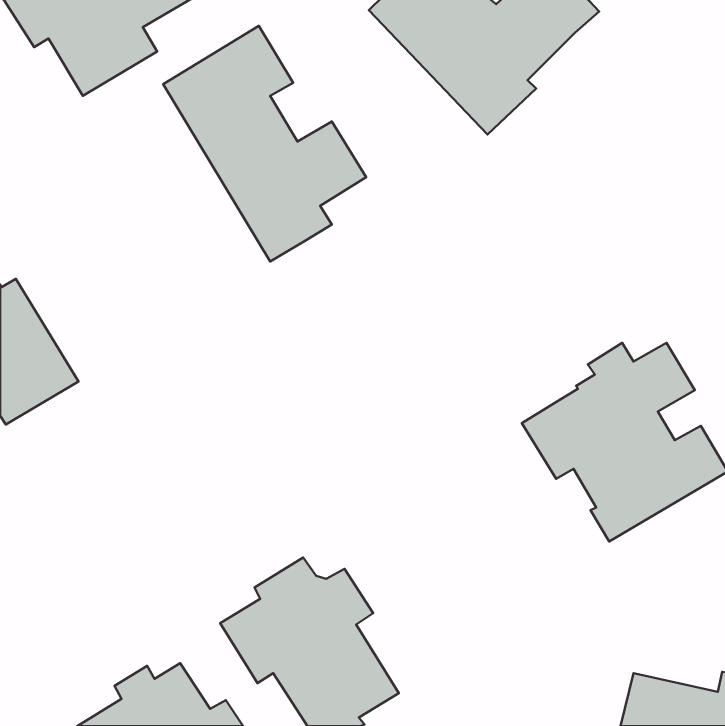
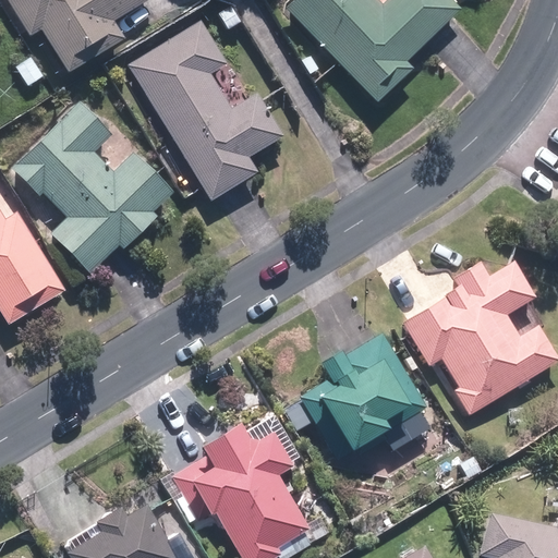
building: none -> [11,101,172,272]
building: none -> [299,332,425,452]

